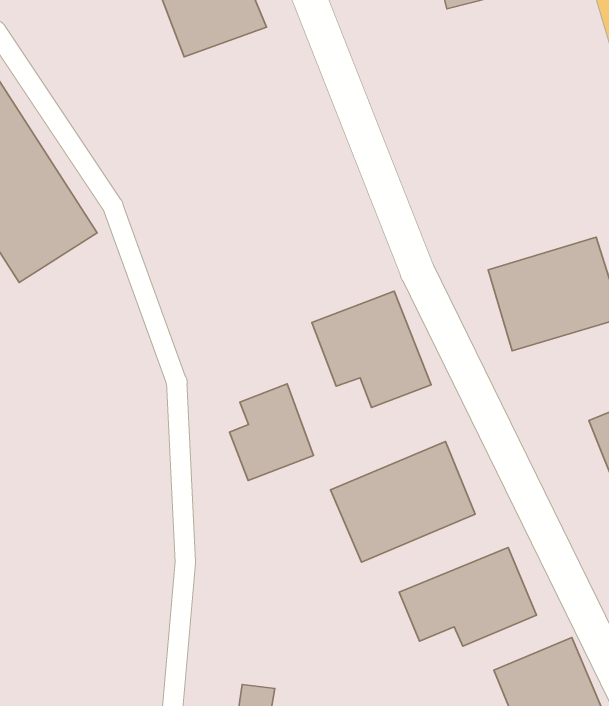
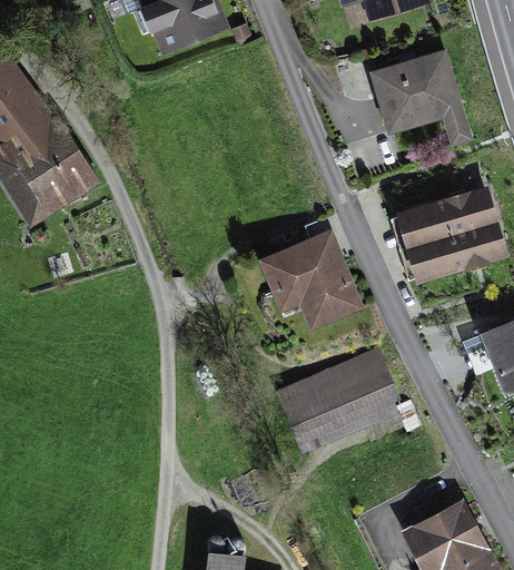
building: none -> [374,51,467,147]
building: [229,384,314,481] -> none
building: [399,547,537,646] -> none

